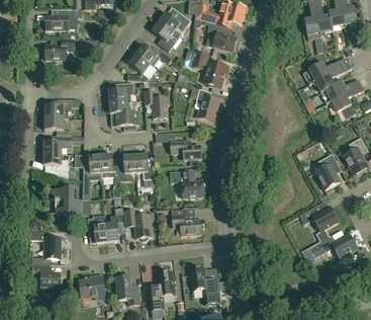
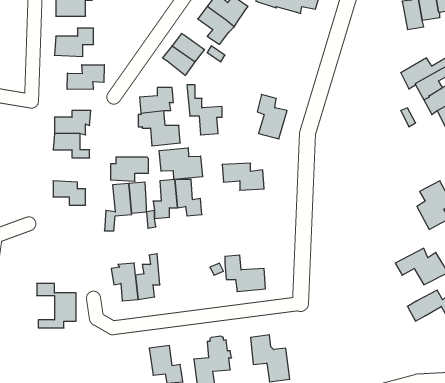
building: [207,21,237,51] -> none
building: [185,48,228,86] -> none
building: none -> [67,65,104,89]
building: none -> [159,148,203,179]
building: [43,135,72,153] -> [111,157,148,181]
building: [182,169,203,196] -> none
building: [52,187,82,216] -> none
building: [124,209,152,240] -> none
building: [32,264,60,288] -> none
building: [80,274,105,298] -> none

